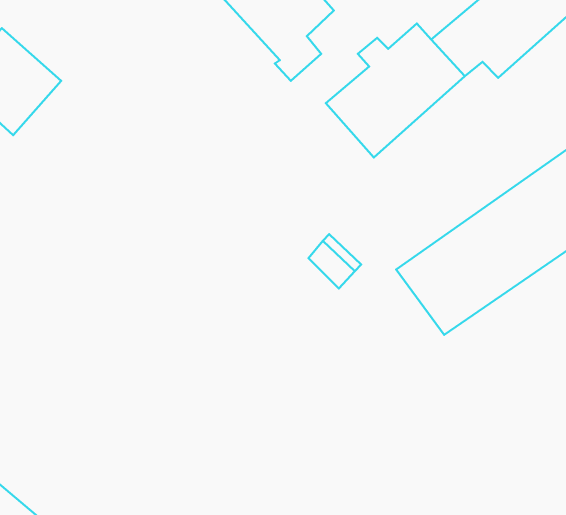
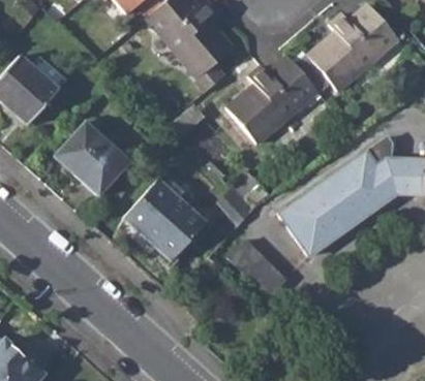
building: none -> [58,124,129,198]
building: none -> [124,182,208,263]
building: none -> [223,240,283,297]

